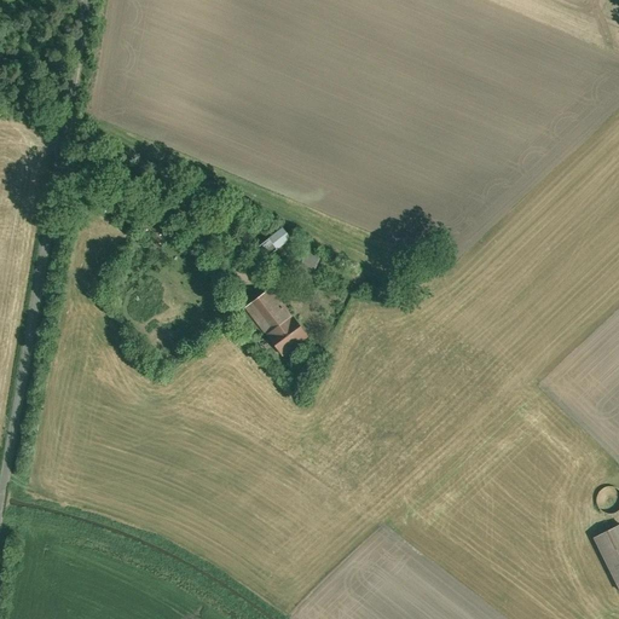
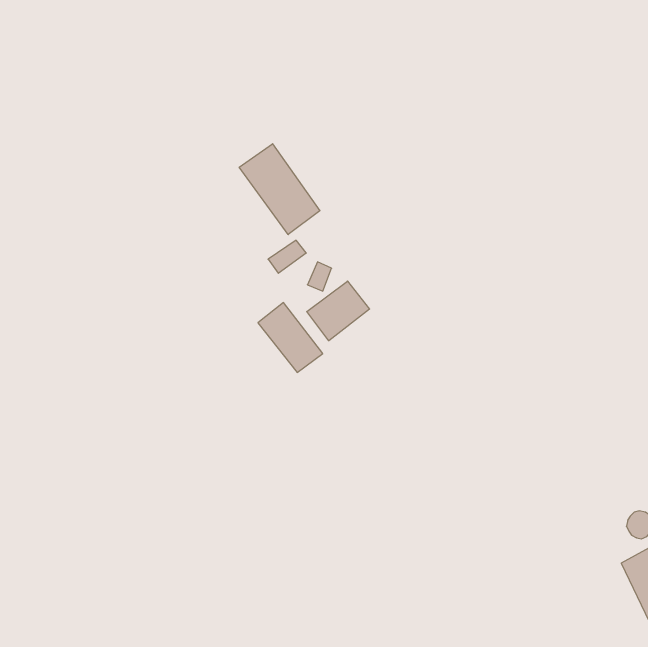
building: none -> [239,144,320,235]
building: none -> [307,281,370,341]

